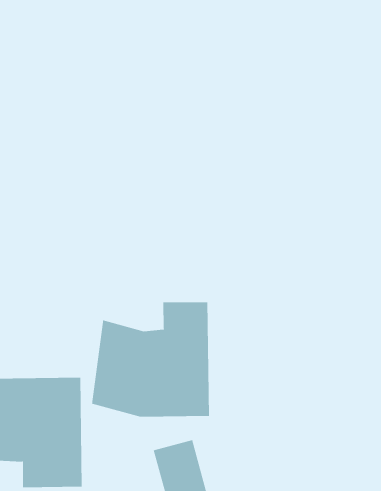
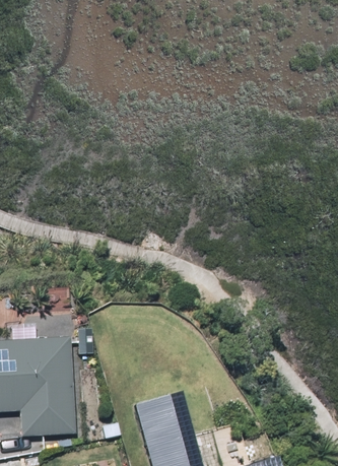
building: [92,302,209,417] -> none

